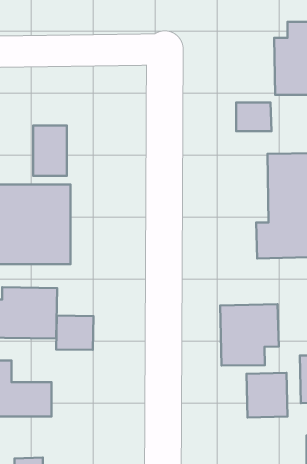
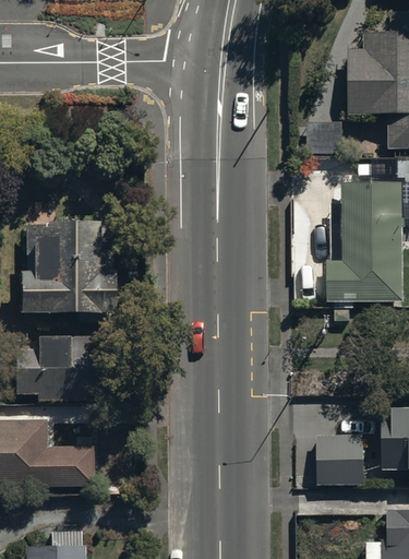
building: [33,126,67,176] -> none
building: [220,304,279,366] -> none
building: [56,316,93,350] -> none

